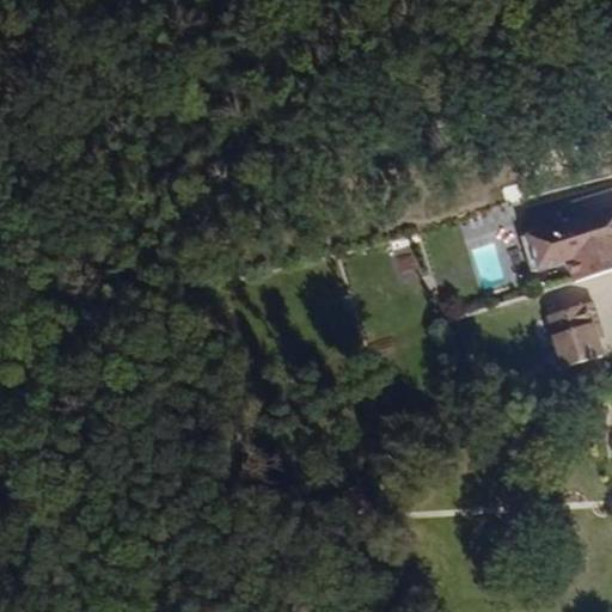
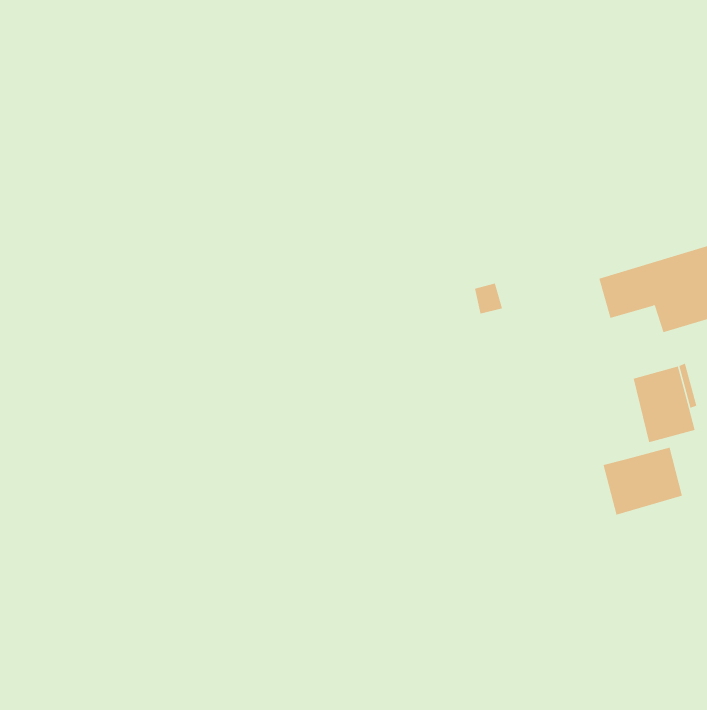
building: none -> [603,447,682,515]

